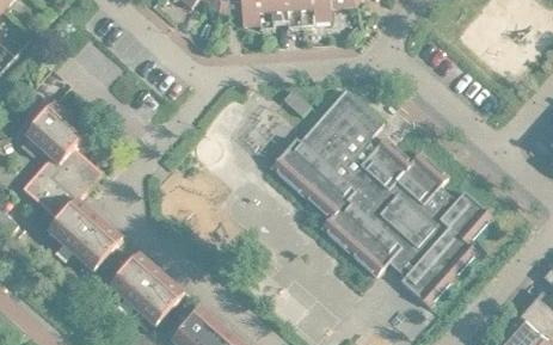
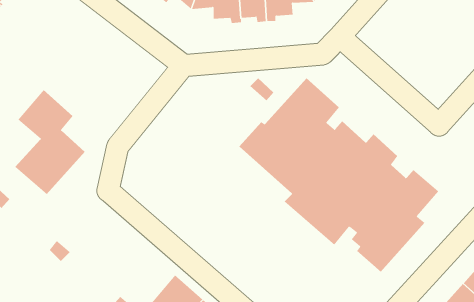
building: [50,199,123,271] -> none
building: [110,253,184,326] -> none

